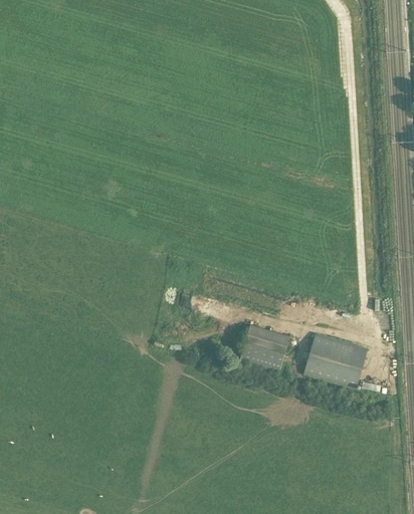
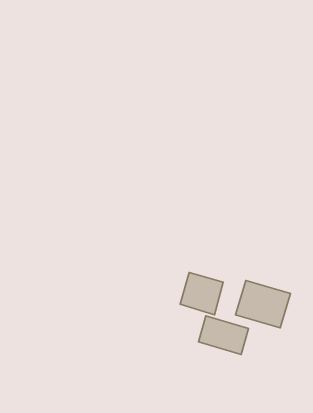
building: none -> [199,316,248,354]

